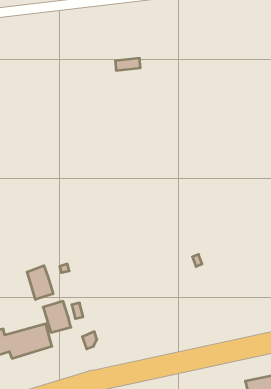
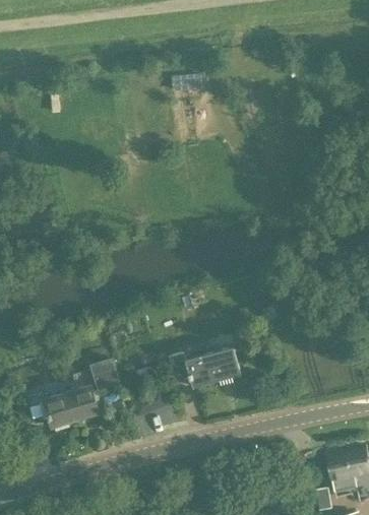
building: [27,266,53,300] -> none
building: none -> [169,347,240,387]

